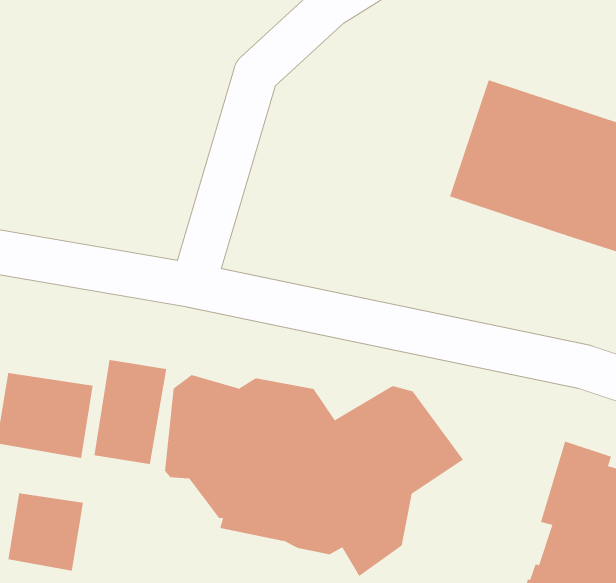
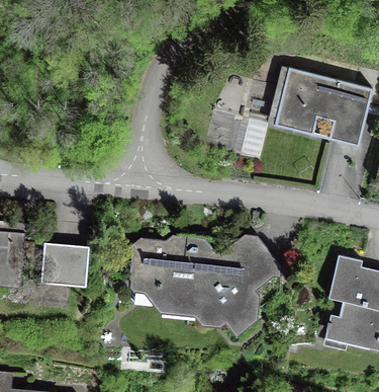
building: [94,359,167,465] -> none
building: [8,493,84,572] -> none

